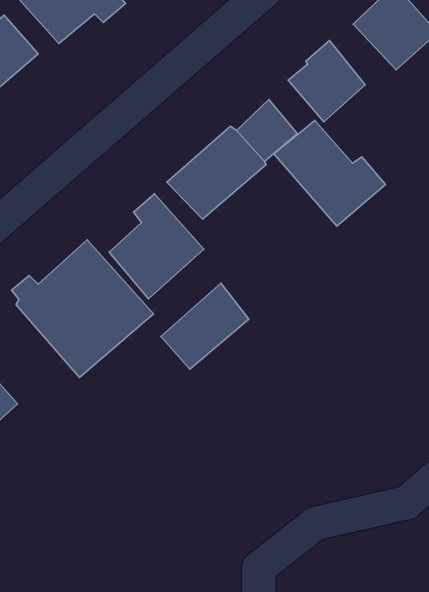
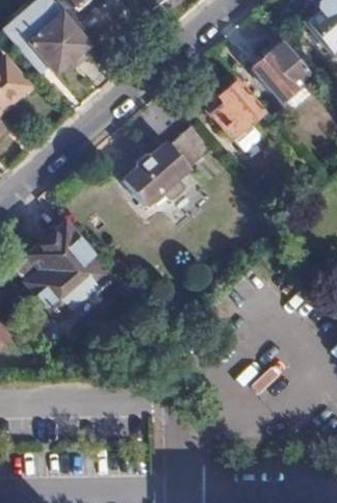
building: [274,121,385,226] -> none
building: [109,194,204,299] -> none
building: [161,283,249,369] -> none

